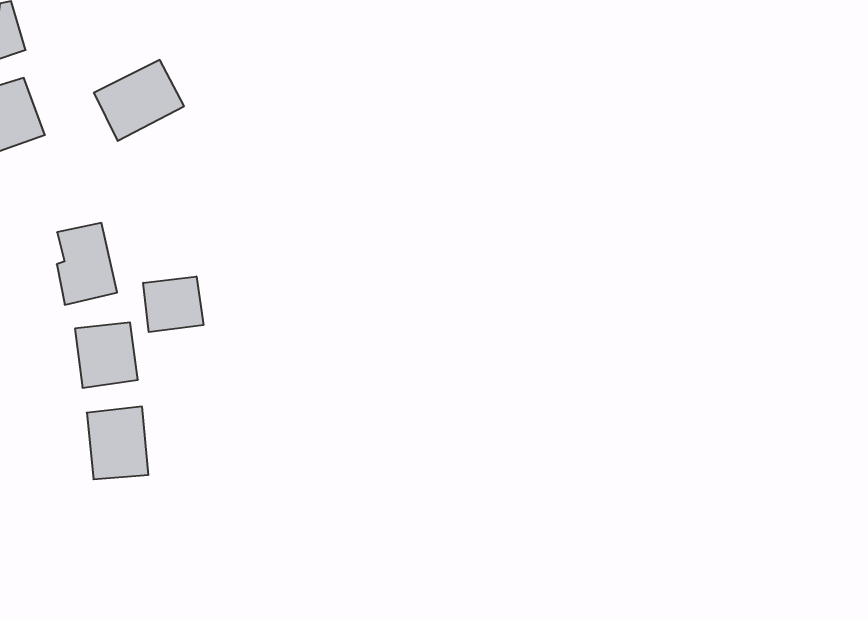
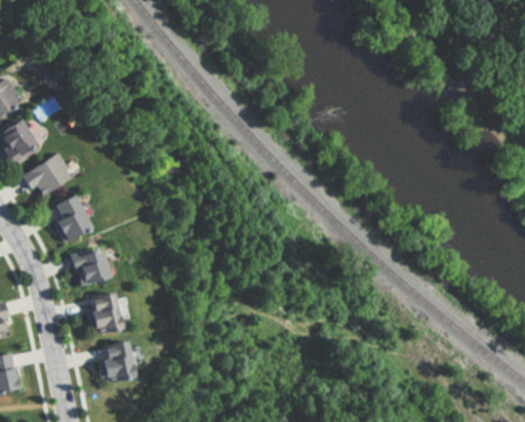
building: [94,60,184,141] -> [25,153,75,200]
building: [143,276,203,332] -> none
building: none -> [97,342,130,382]

